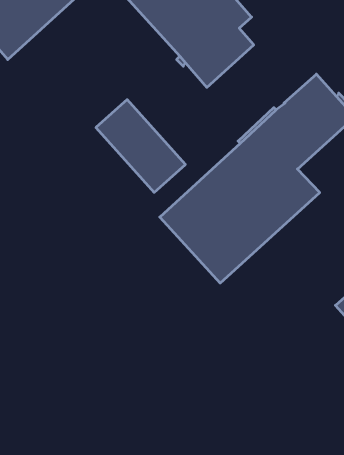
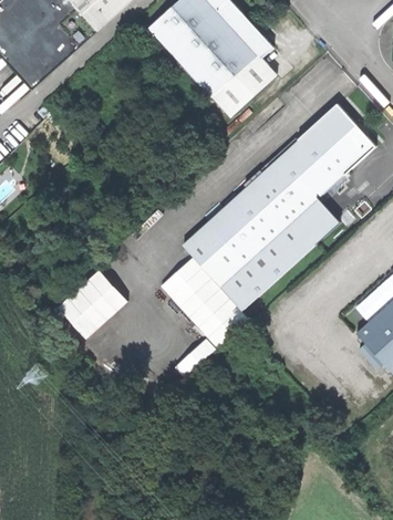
building: [96,100,185,192] -> [158,256,247,347]
building: none -> [56,270,127,339]

